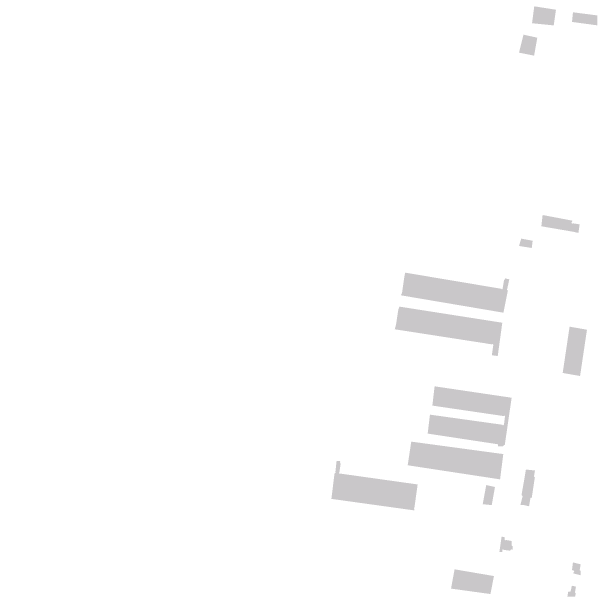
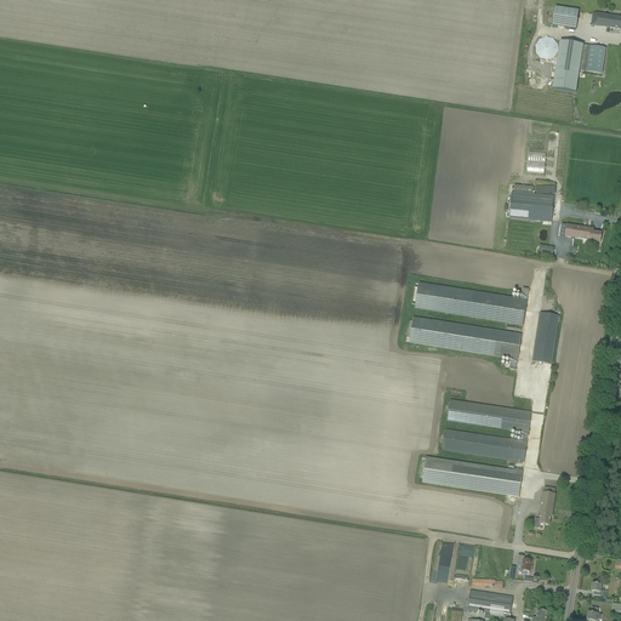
building: none -> [552,40,605,91]
building: none -> [508,183,554,221]
building: [562,326,588,377] -> [531,312,558,364]
building: [331,460,418,511] -> none

